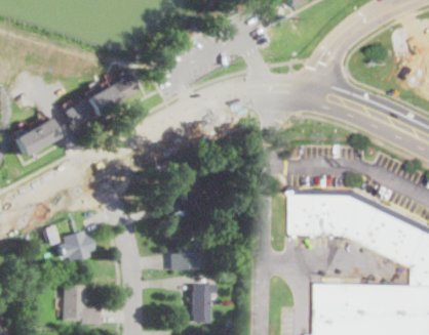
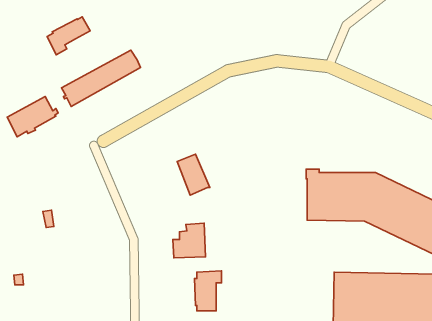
building: none -> [47,17,90,55]
building: [52,232,89,263] -> none
building: [57,286,96,326] -> none

